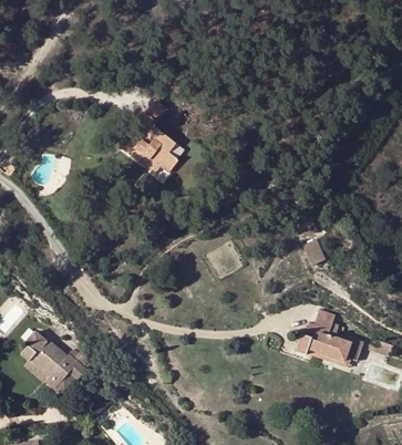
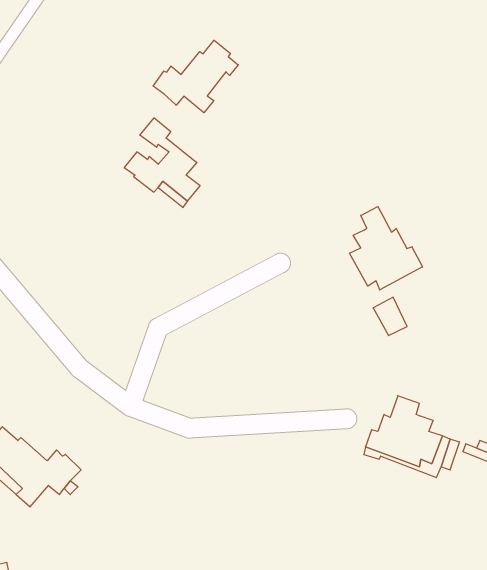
building: none -> [153,40,238,113]
building: none -> [350,207,423,290]

